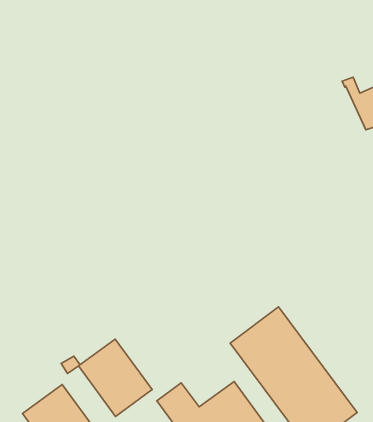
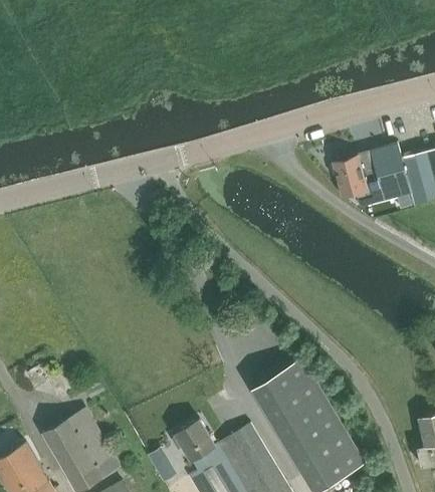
building: none -> [332,146,403,208]
building: [79,339,152,417] -> none

